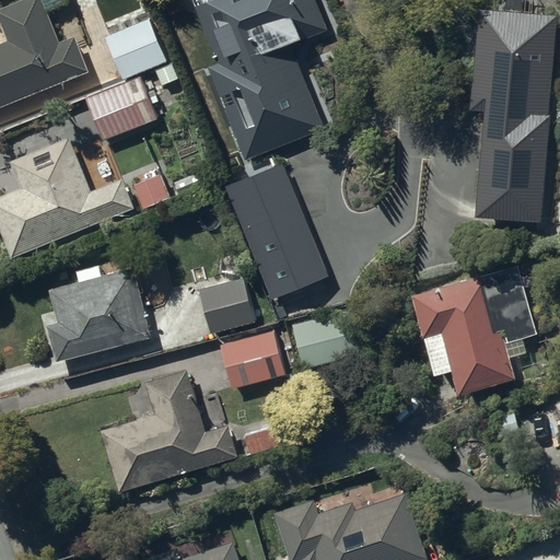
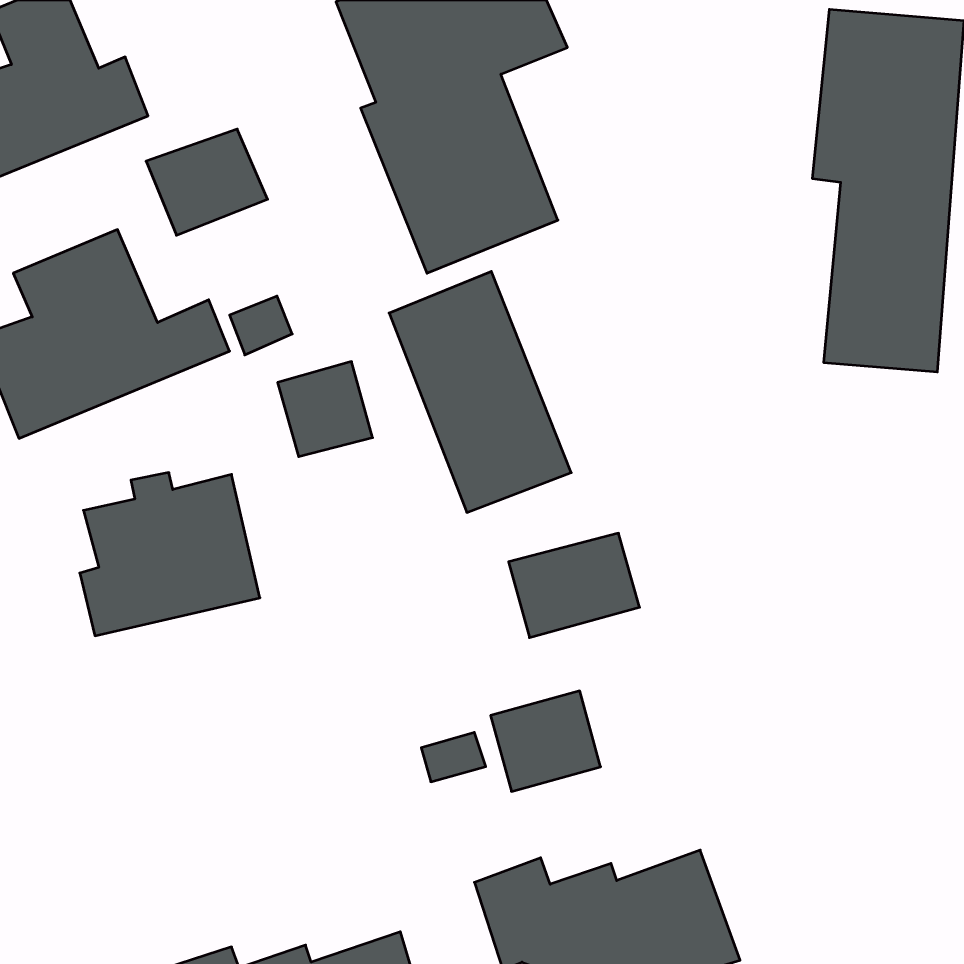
building: [104,19,165,79] -> none
building: [415,264,536,390] -> none
building: [198,281,253,336] -> [278,362,373,457]
building: [222,335,285,393] -> [491,691,601,791]
building: [101,375,238,497] -> none

